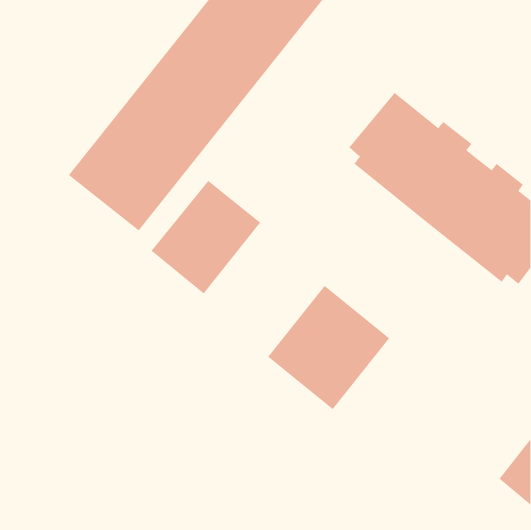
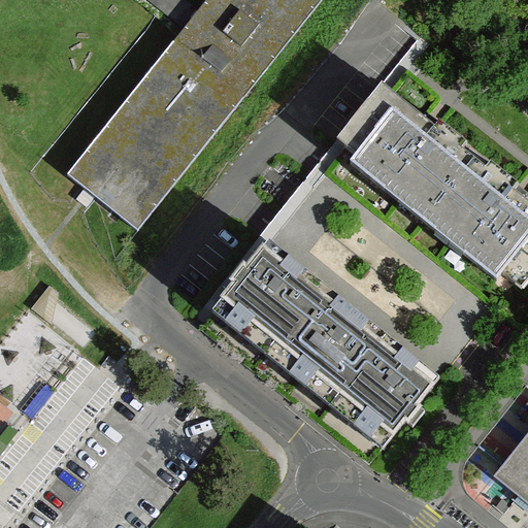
building: [151,180,261,295] -> [211,239,321,353]
building: none -> [329,334,440,448]

